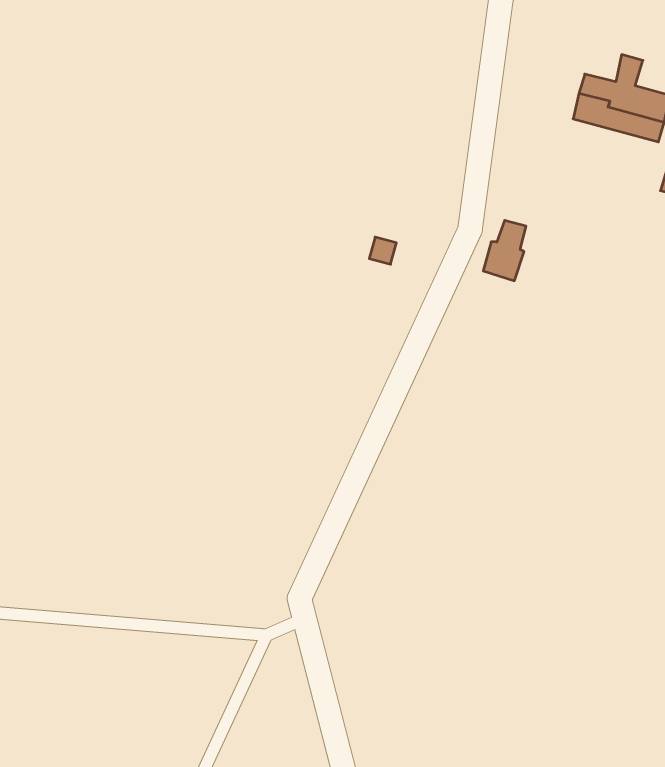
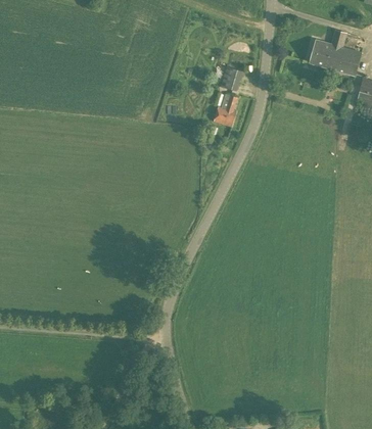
building: none -> [221,66,243,92]
building: [483,220,526,281] -> [215,94,237,126]

